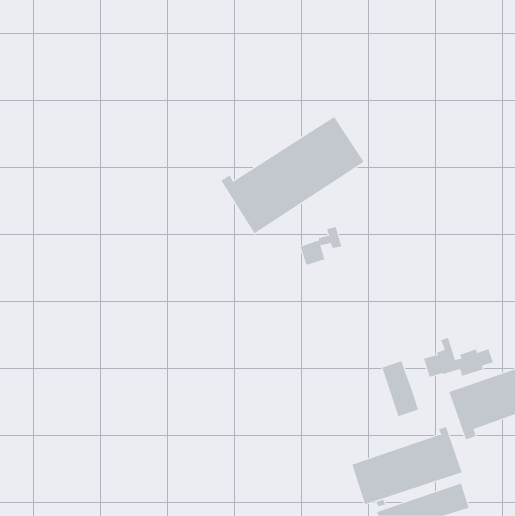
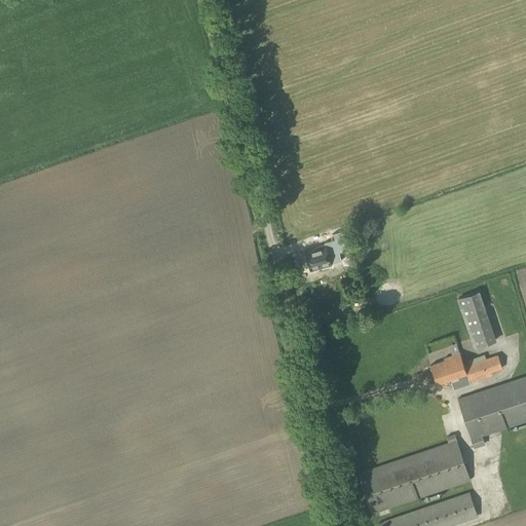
building: [220,116,364,234] -> none
building: [382,360,419,417] -> [458,291,496,348]

